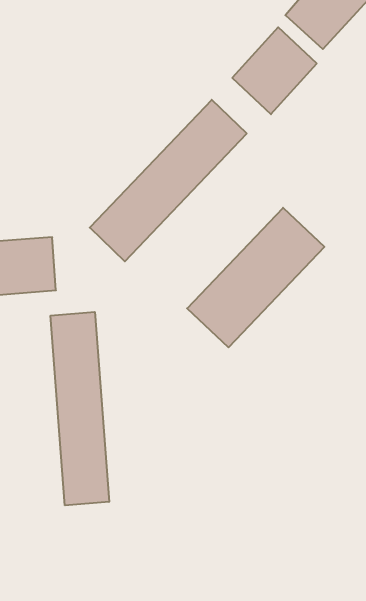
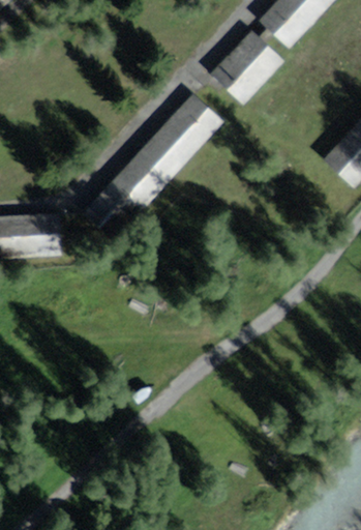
building: [187,208,324,347] -> none
building: [51,312,109,505] -> none

